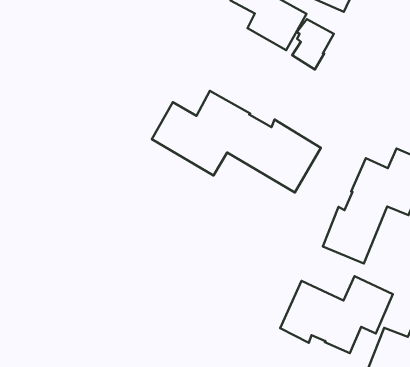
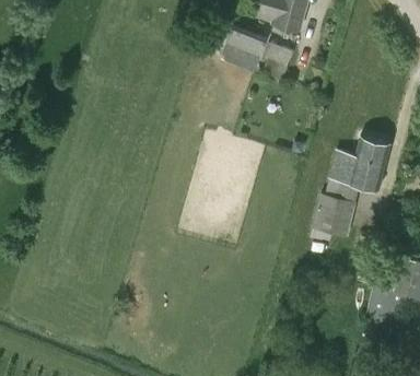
building: [152,91,321,192] -> none
building: [280,276,393,353] -> none

